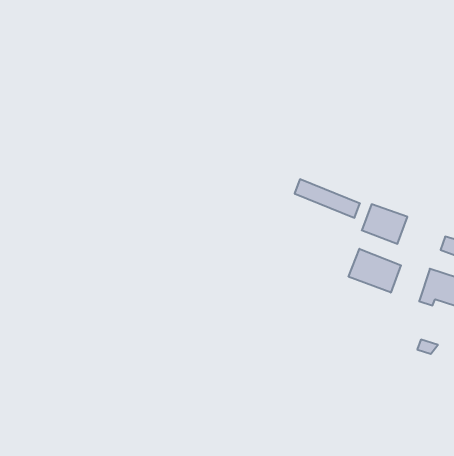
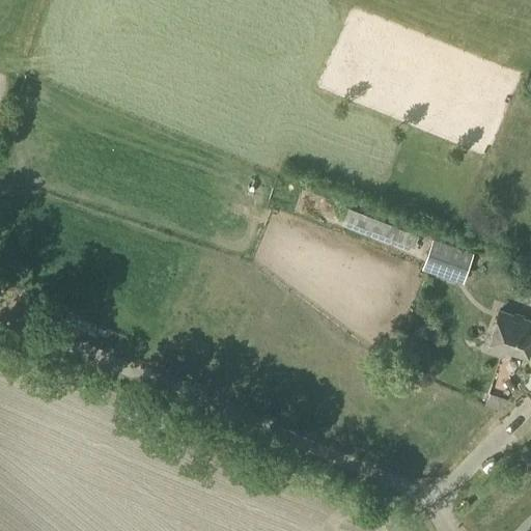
building: [349,249,401,293] -> none

